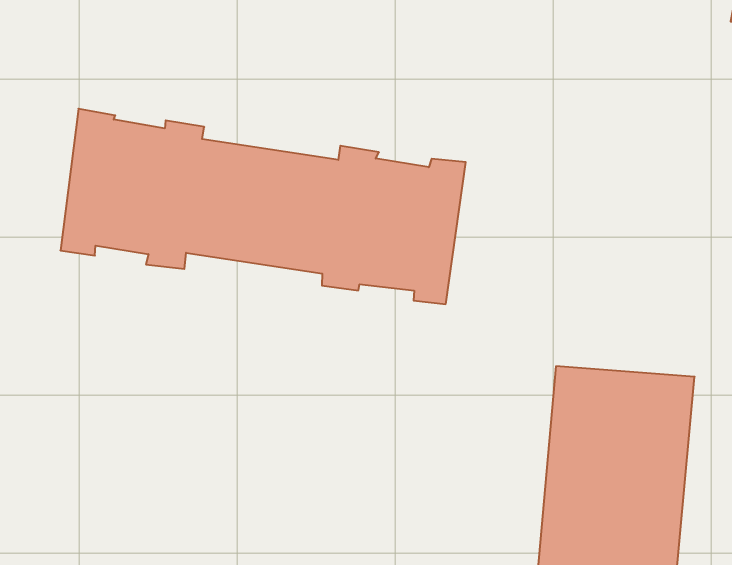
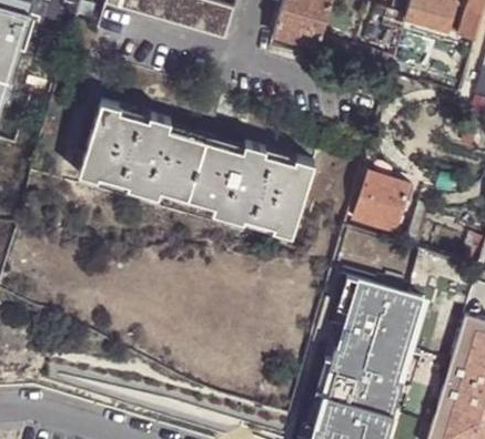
building: none -> [353,169,410,231]

